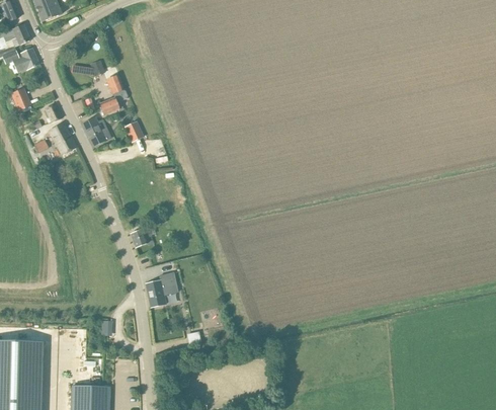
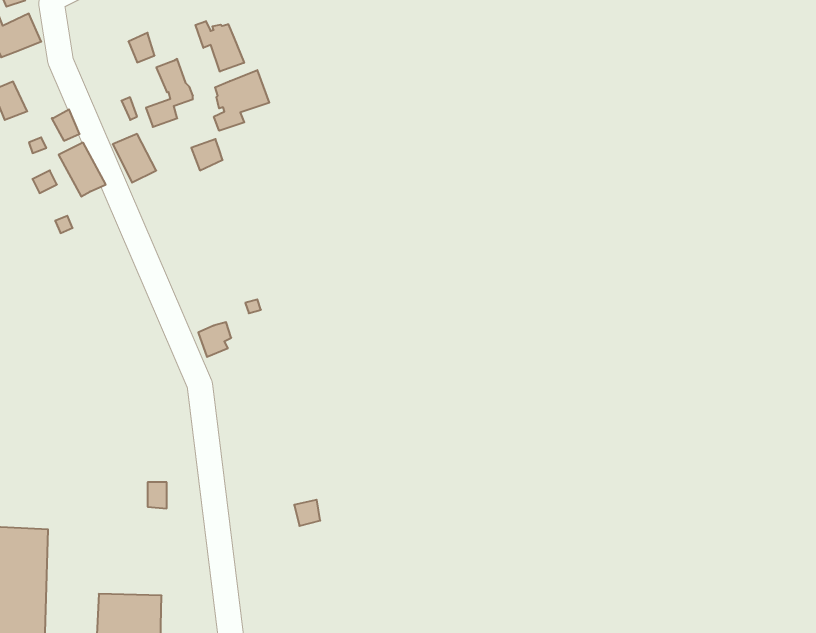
building: none -> [195,21,244,72]
building: none -> [214,70,269,131]
building: [146,271,178,306] -> none

